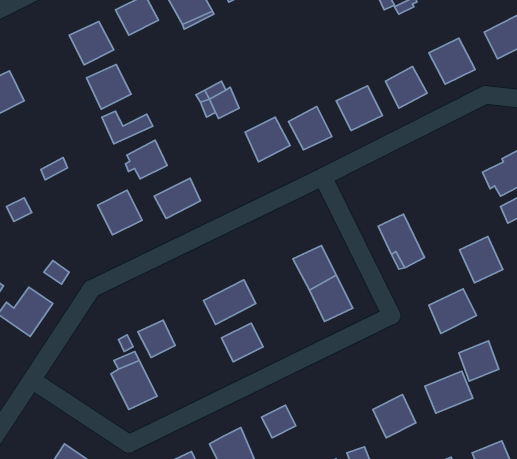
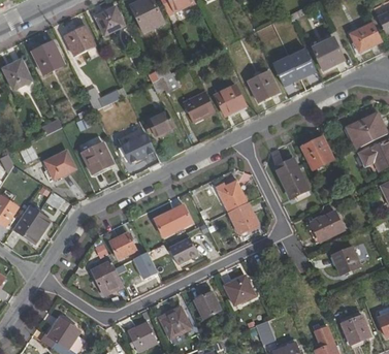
building: [86,64,131,109] -> [32,42,63,73]
building: [125,140,167,179] -> [147,110,175,137]
building: none -> [44,151,75,182]
building: [460,237,503,283] -> [302,137,332,169]
building: none -> [132,251,157,279]
building: [425,371,473,413] -> none
building: [373,394,416,438] -> [226,275,256,304]

